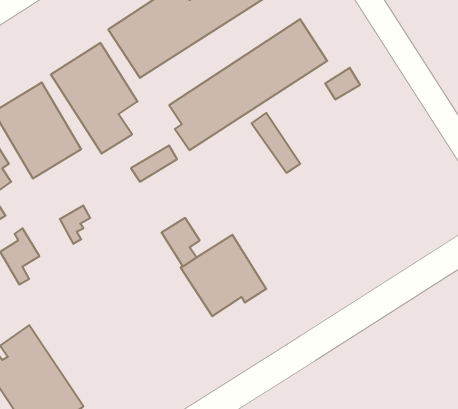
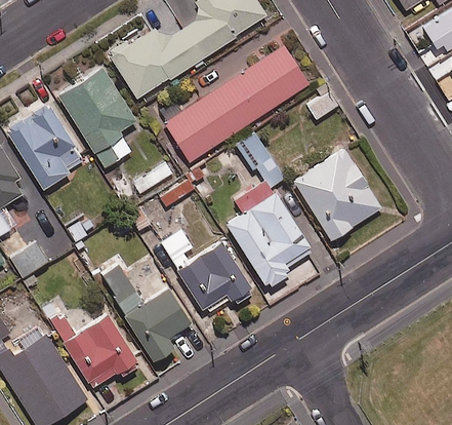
building: none -> [293,149,381,240]
building: none -> [225,182,312,288]
building: none -> [99,265,191,362]
building: none -> [43,304,136,389]

